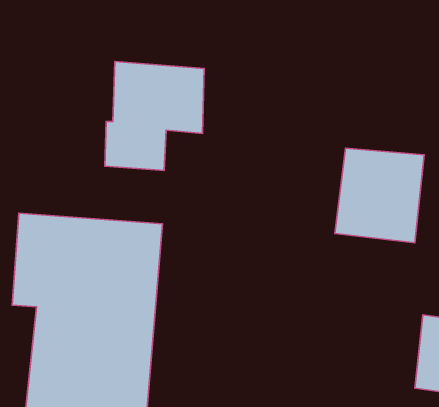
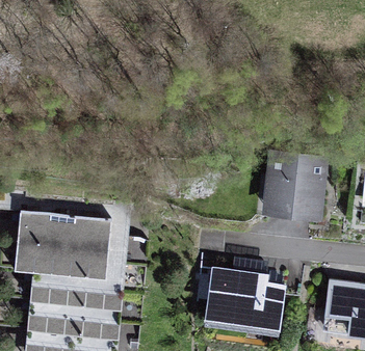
building: [105,62,204,170] -> none
building: none -> [205,267,286,336]

